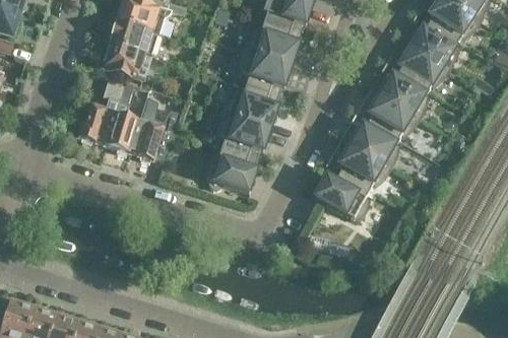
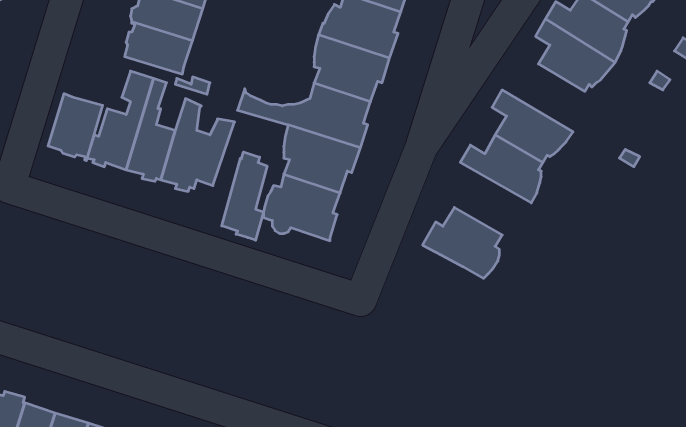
building: [370,70,428,118] -> none
building: none -> [48,94,103,161]
building: none -> [222,152,267,240]
building: [333,139,390,190] -> none

